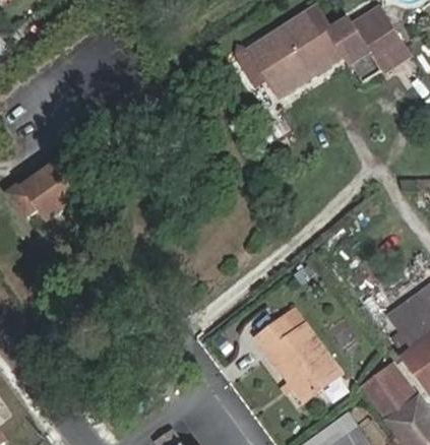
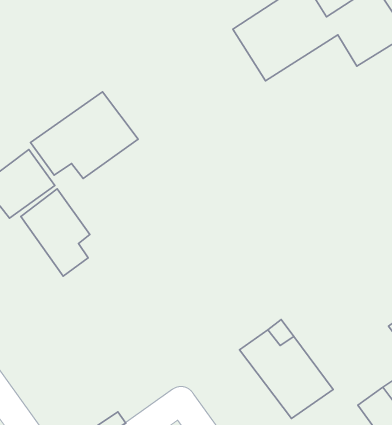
building: none -> [30,92,138,178]
building: none -> [21,189,90,276]

